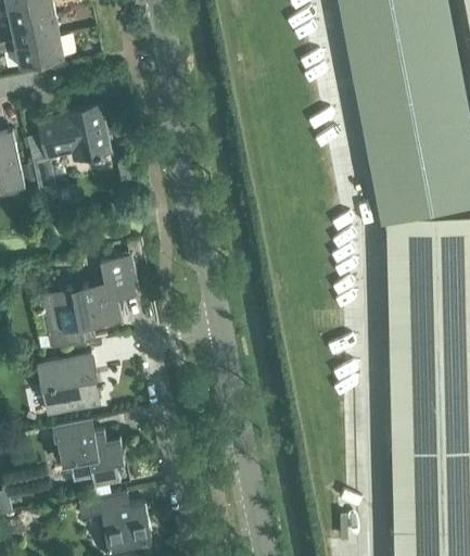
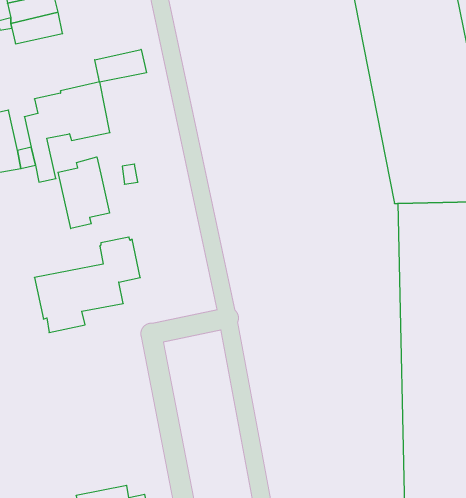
building: none -> [95,49,146,82]
building: none -> [58,157,109,229]
building: [39,354,100,416] -> none
building: [53,422,129,485] -> none

